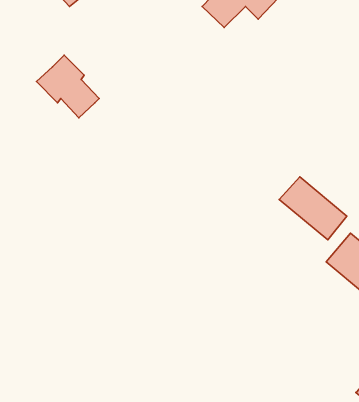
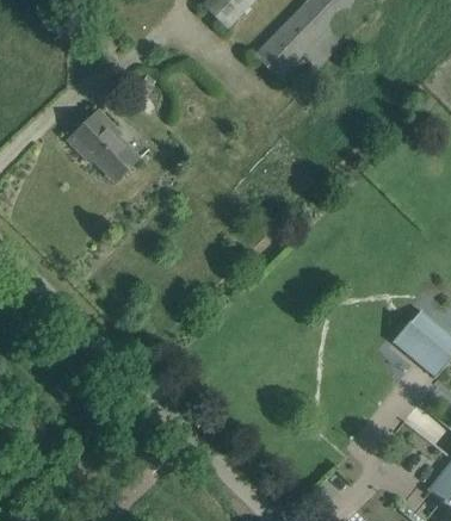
building: [279,177,347,240] -> none

